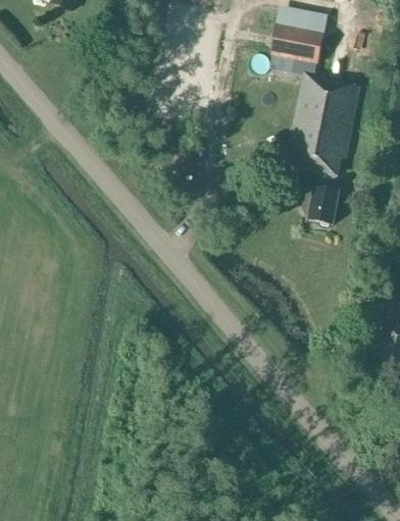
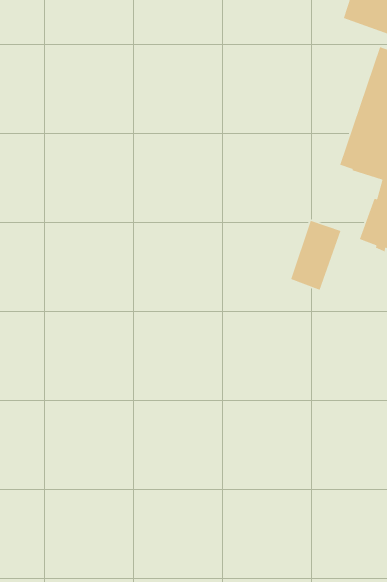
building: none -> [290,220,342,291]

